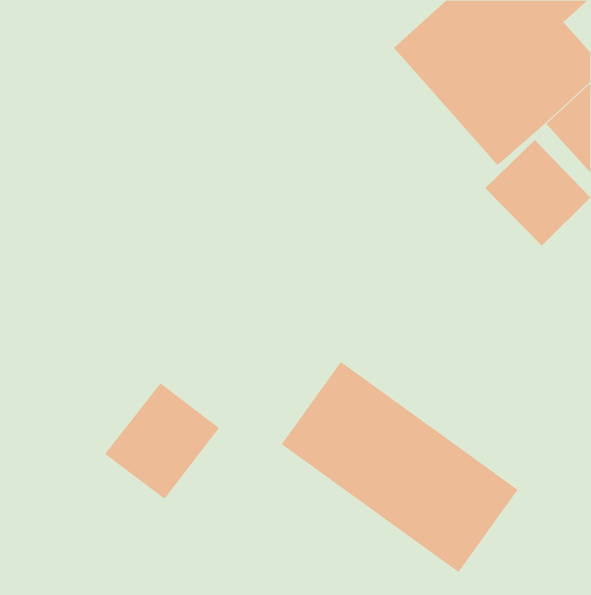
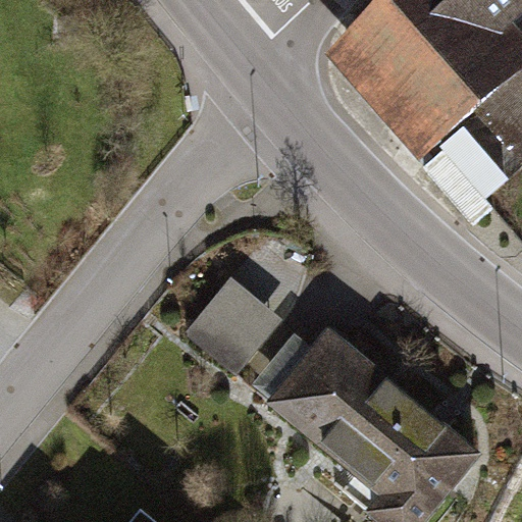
building: [104,383,220,499] -> [187,271,288,373]

